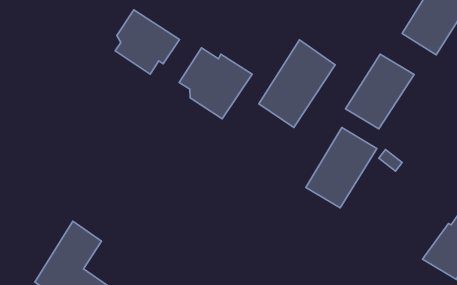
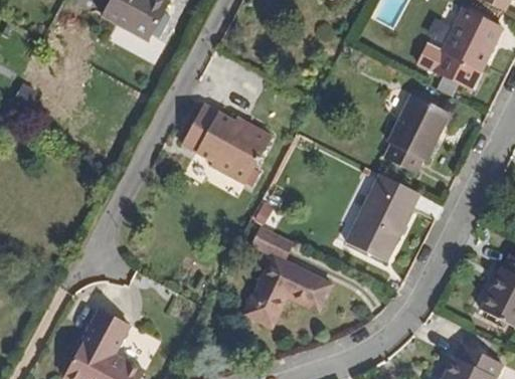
building: [115,10,180,74] -> none
building: [259,40,335,128] -> none
building: none -> [241,228,329,328]

